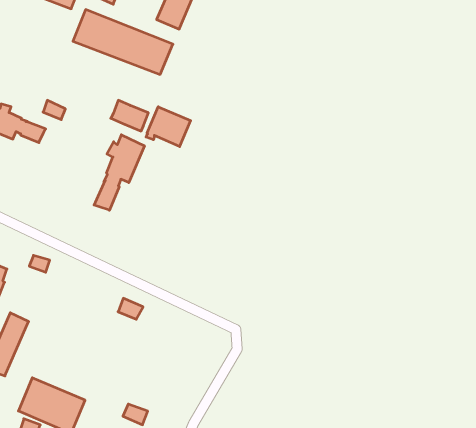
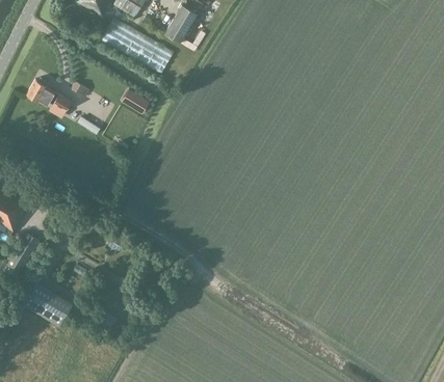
building: [146,107,191,147] -> none
building: [94,135,144,210] -> none

